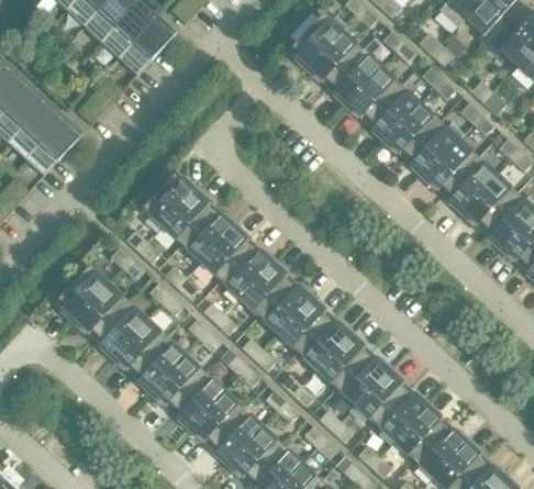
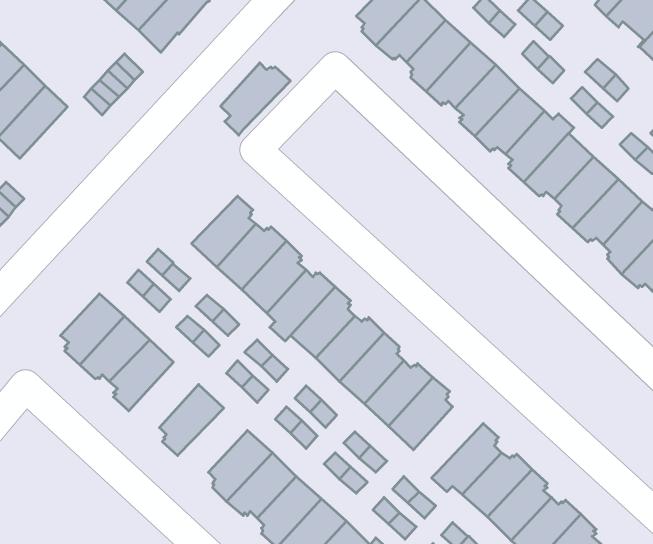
building: [26,118,82,175] -> none
building: [143,174,198,231] -> [221,63,290,135]
building: [112,319,167,370] -> none
building: [336,354,391,405] -> none
building: [151,355,205,405] -> none

